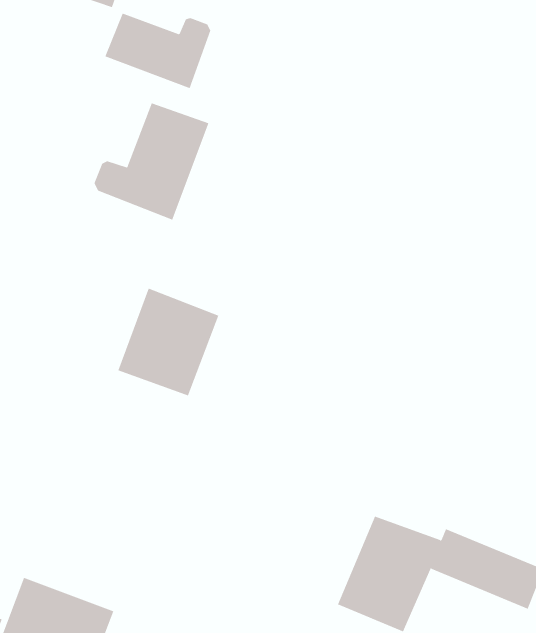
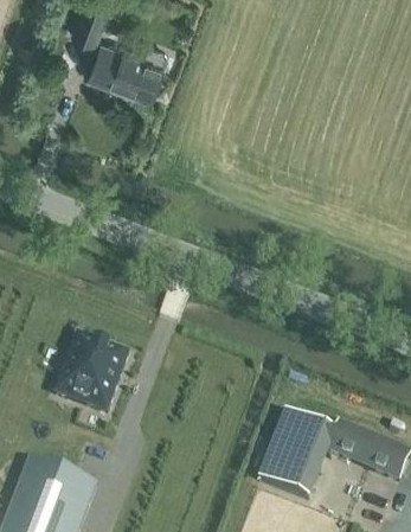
building: [94,103,209,220] -> none
building: [117,288,219,396] -> [54,331,129,410]

